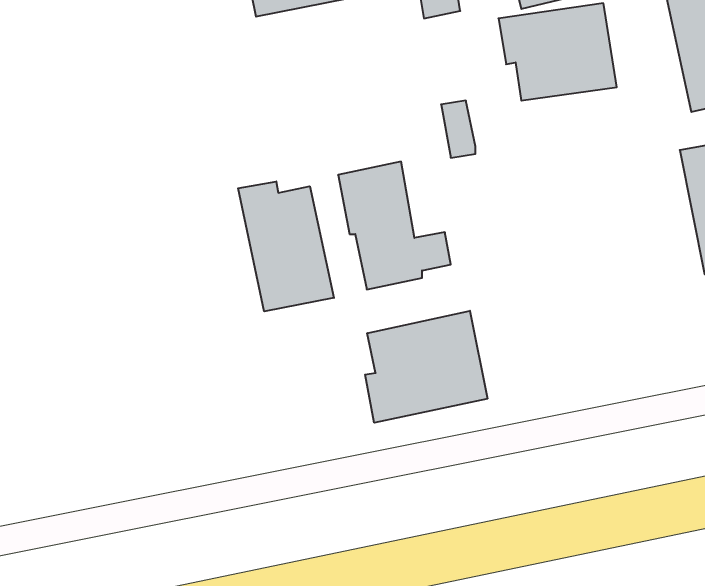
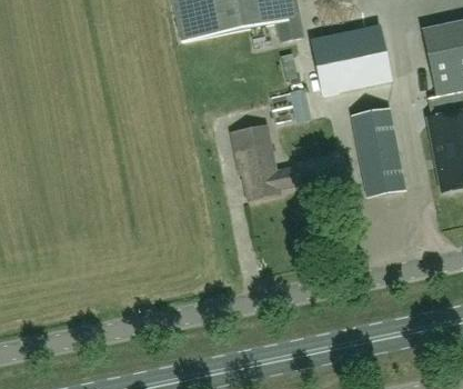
building: none -> [351,109,404,196]
building: [238,181,334,311] -> none
building: [365,311,487,423] -> none

